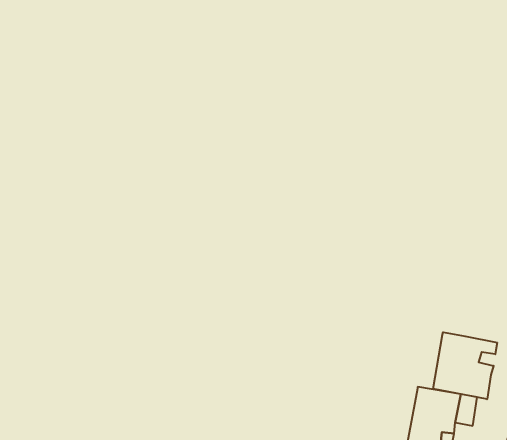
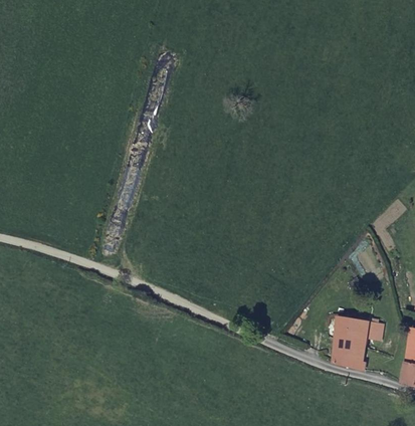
building: [433,332,497,399] -> none

